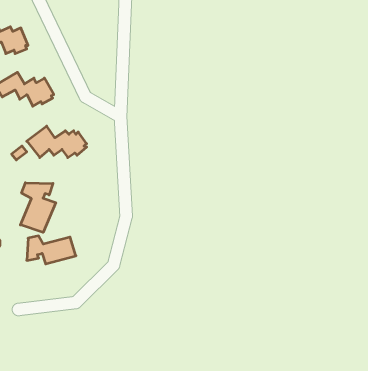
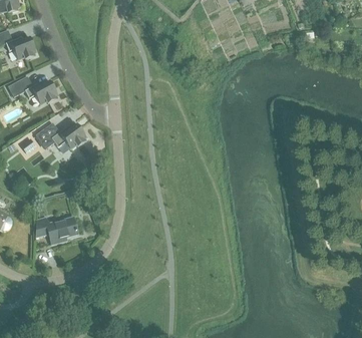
building: [20,183,56,232] -> none

